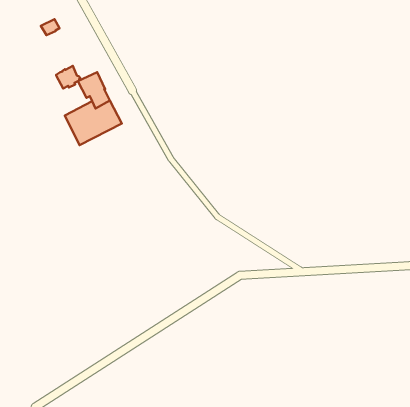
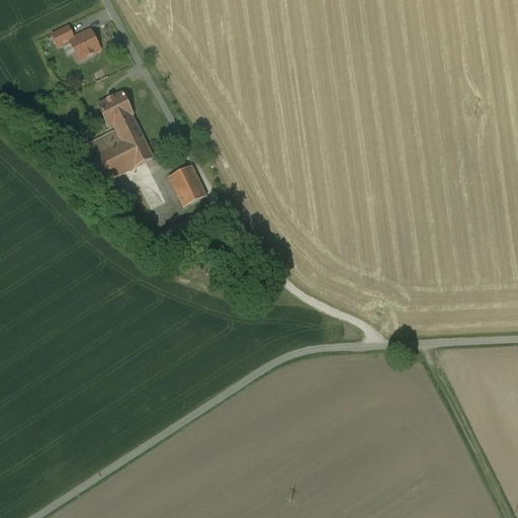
building: [56,66,80,88] -> [70,27,100,56]
building: none -> [169,164,206,205]

